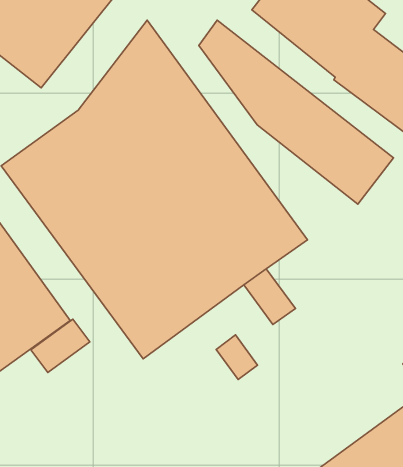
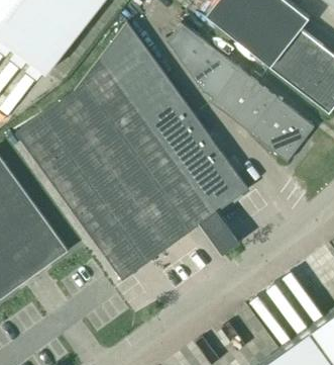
building: [31,319,90,372] -> none
building: [216,335,258,380] -> none

